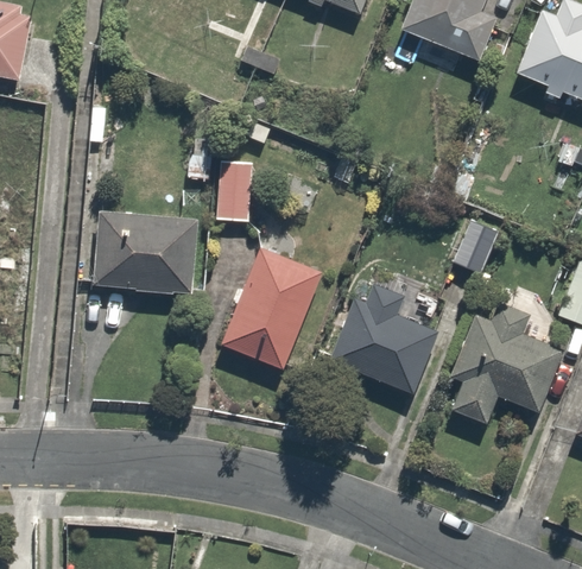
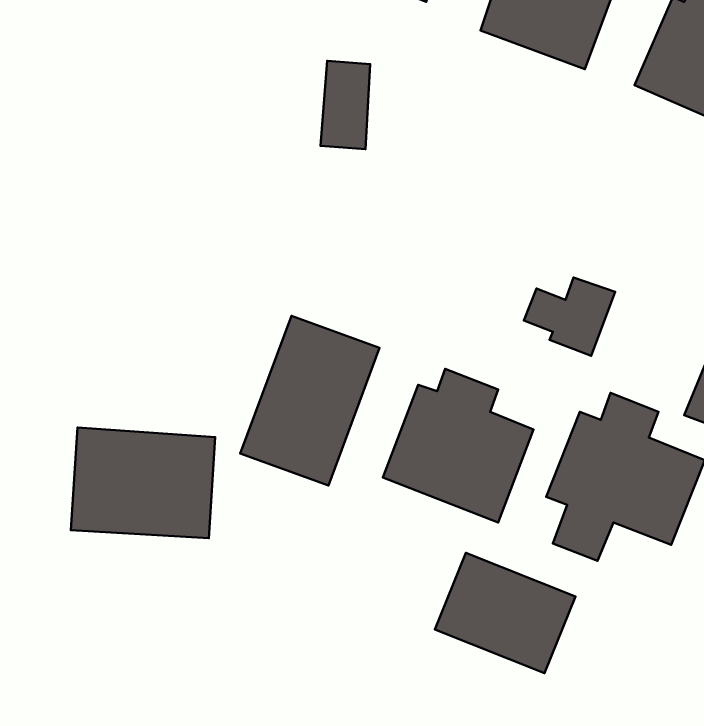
building: [214,157,251,222] -> [321,61,370,149]
building: [91,213,198,295] -> [71,428,215,538]
building: none -> [435,553,575,673]

